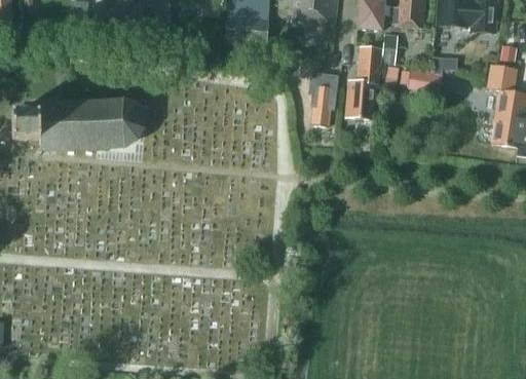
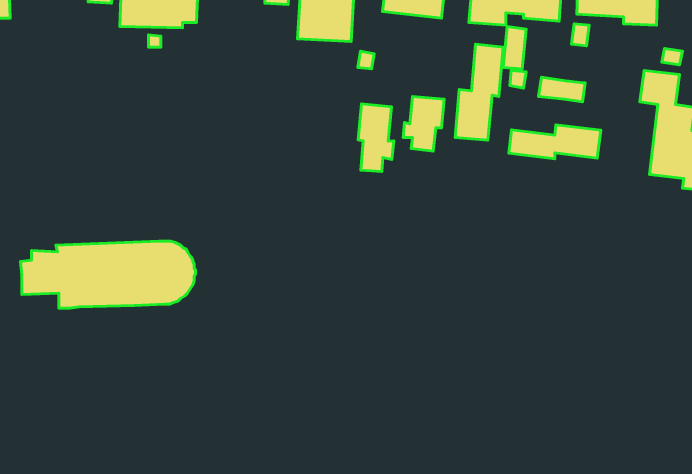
building: none -> [358,104,394,171]
building: [12,98,144,148] -> [20,241,196,308]
building: none -> [509,125,601,159]

